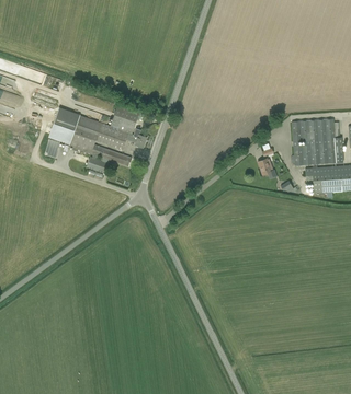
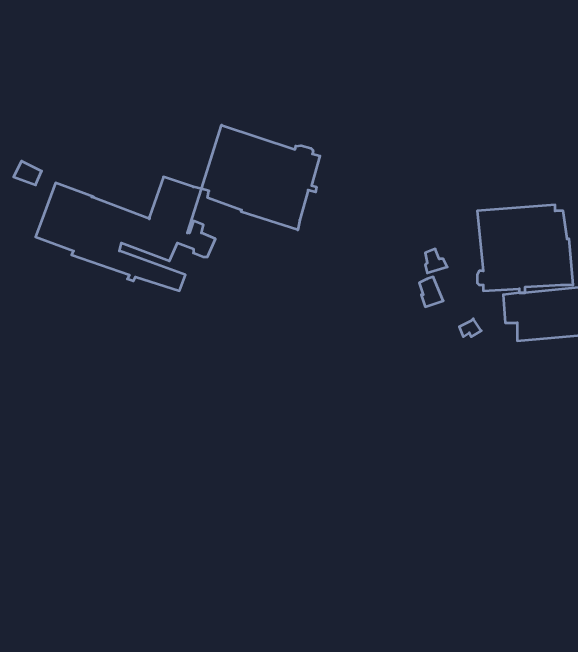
building: none -> [201,125,320,230]

